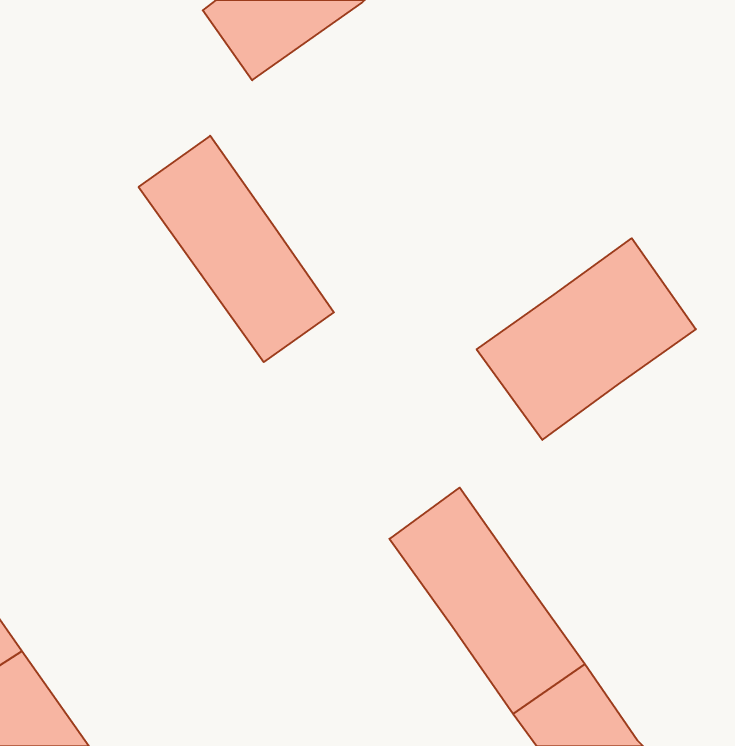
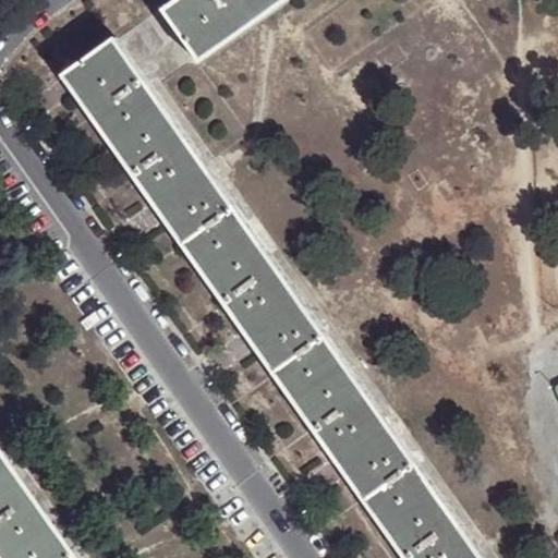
building: none -> [58,36,157,140]
building: [477,238,696,440] -> none
building: none -> [197,233,343,402]

